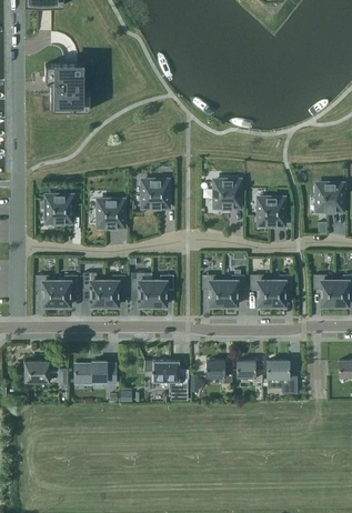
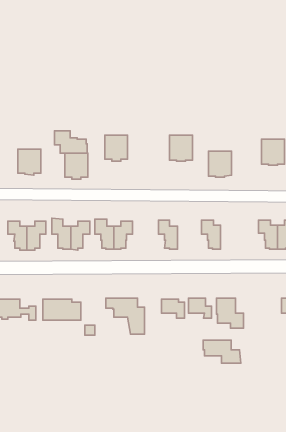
building: [44,64,90,111] -> none
building: none -> [54,131,87,153]
building: [223,274,244,306] -> none
building: [271,274,292,306] -> none
building: none -> [203,340,241,363]

